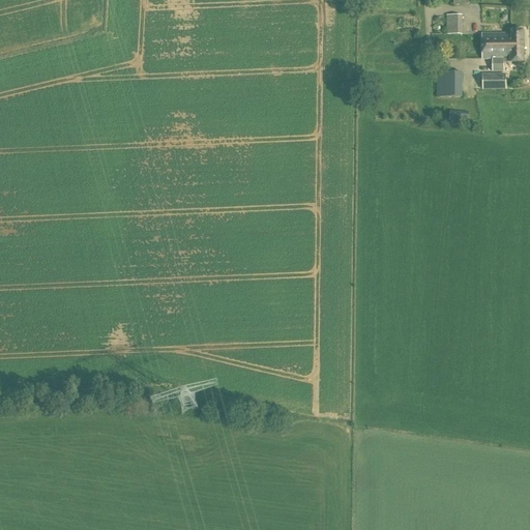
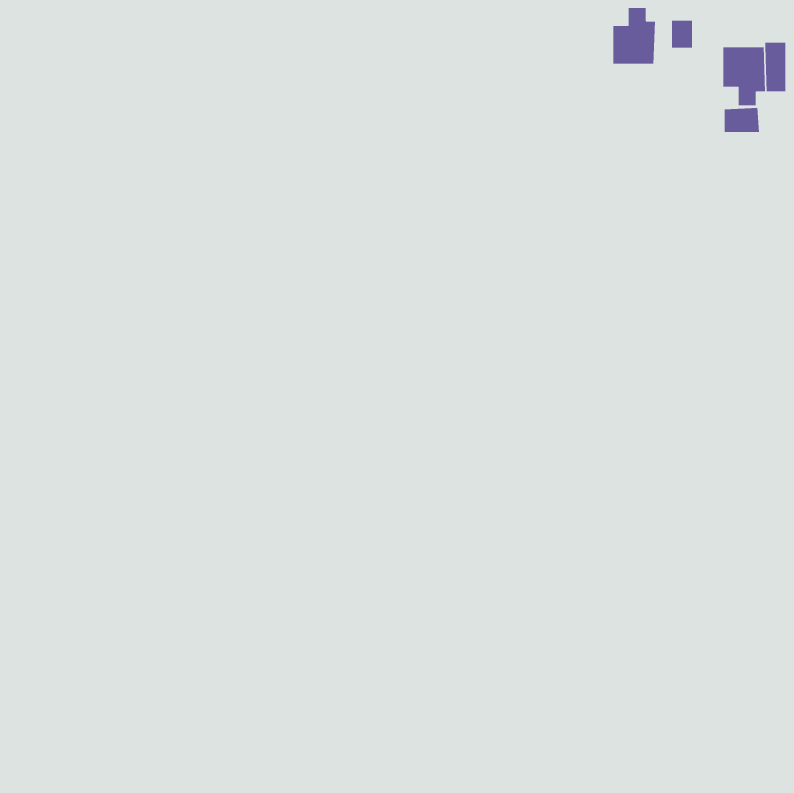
building: none -> [613,7,655,64]
building: [436,70,462,95] -> none

